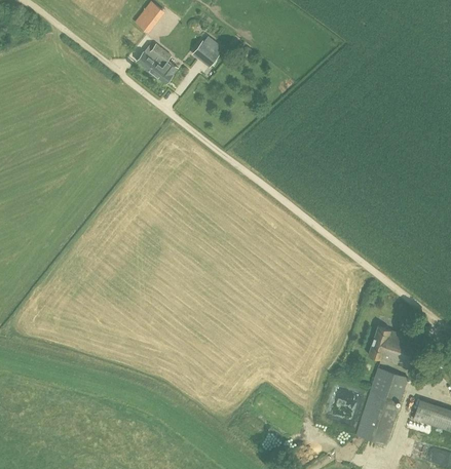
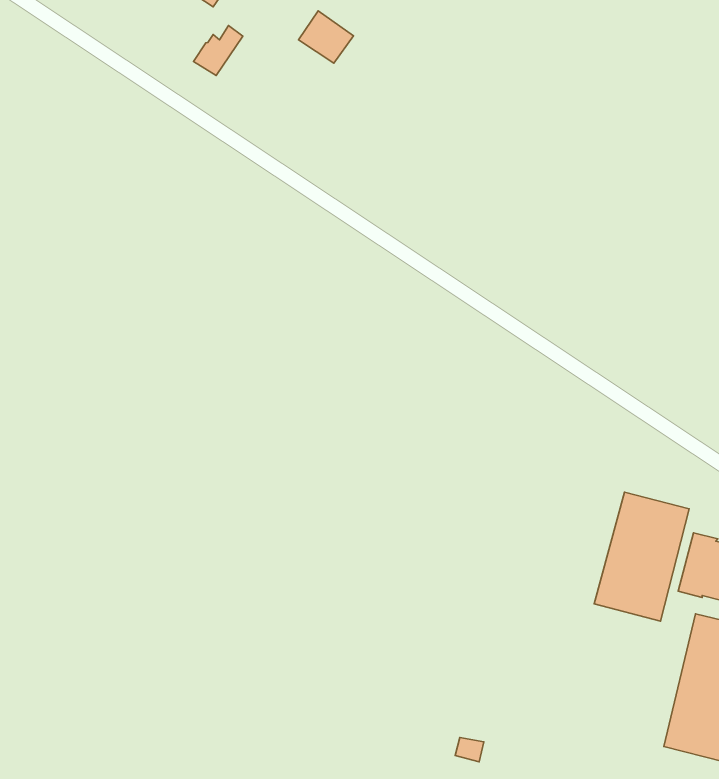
building: [147,48,177,82] -> none
building: none -> [594,492,689,621]

